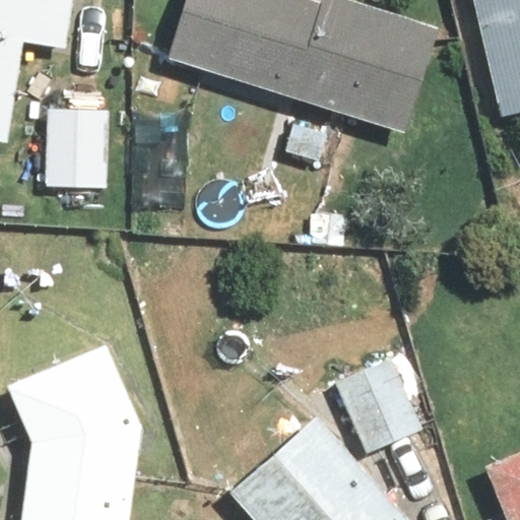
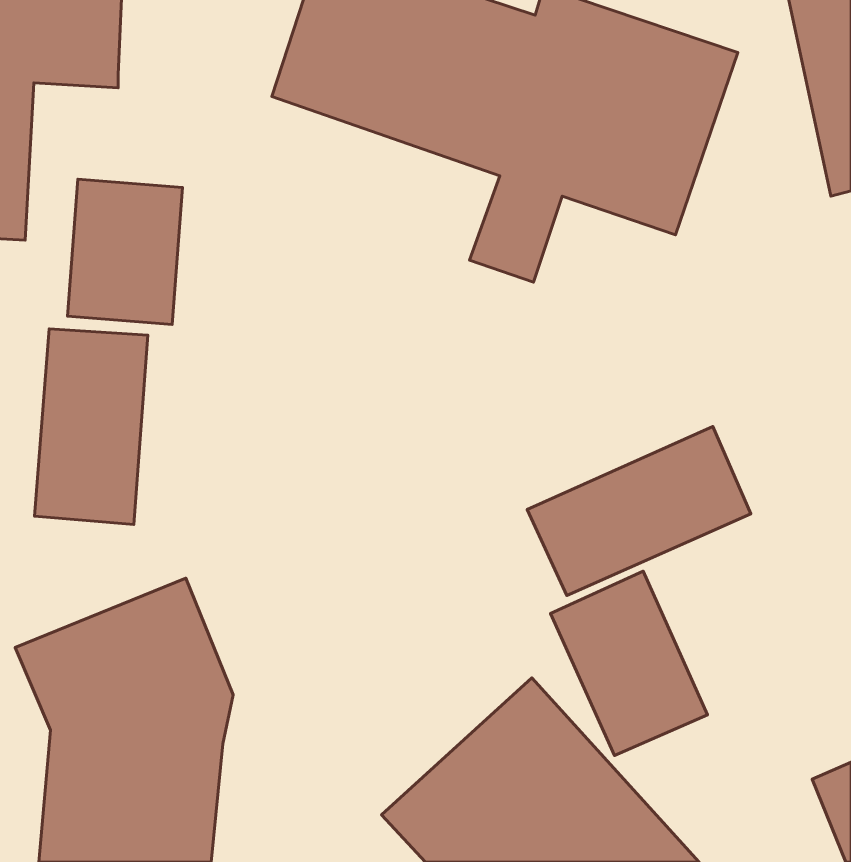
building: none -> [35,329,148,524]
building: none -> [527,427,751,595]

